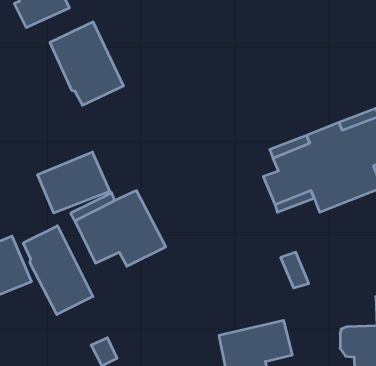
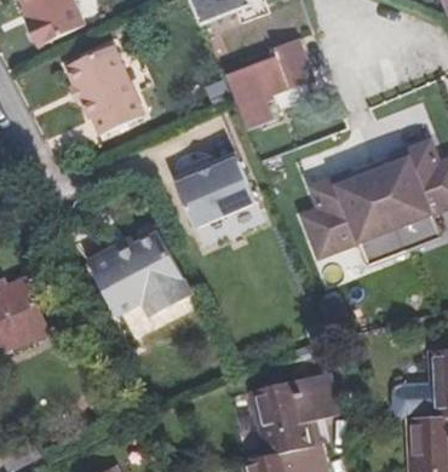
building: none -> [229,38,316,126]
building: [37,152,110,213] -> [178,157,259,225]
building: [23,226,93,315] -> none

